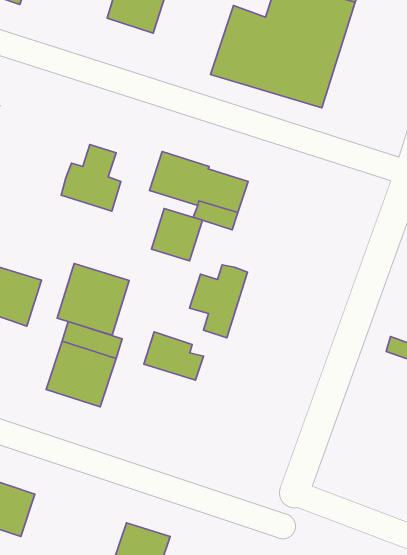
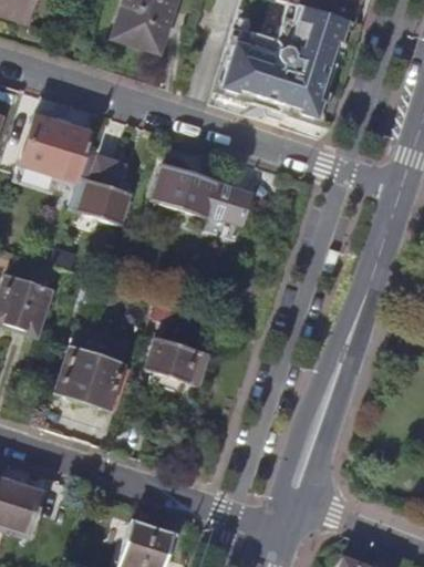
building: none -> [15,113,91,188]
building: [151,208,202,261] -> none
building: [57,264,129,335] -> none
building: [189,265,247,338] -> none

